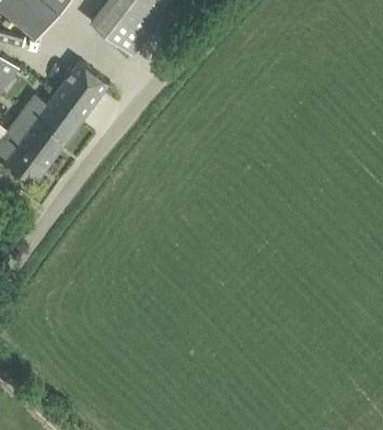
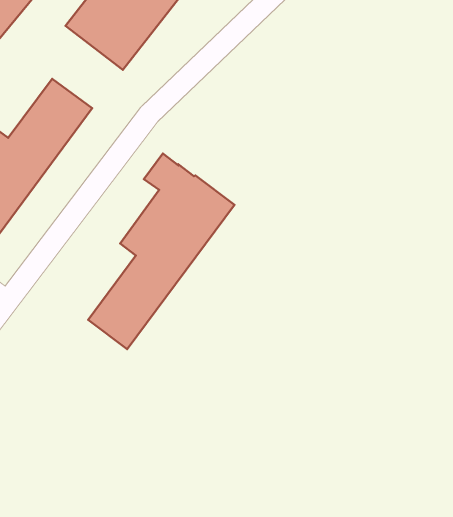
building: none -> [88,153,235,349]

